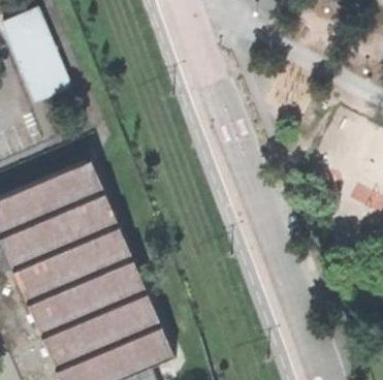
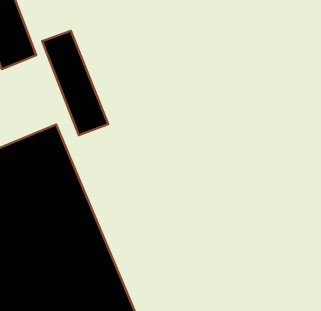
building: none -> [42,31,108,135]

